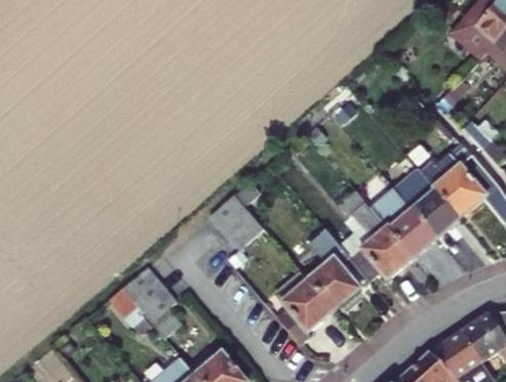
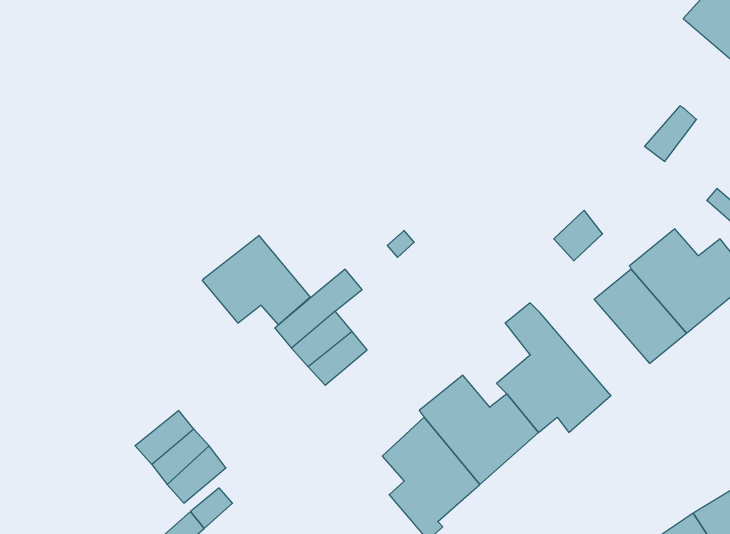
building: none -> [202,235,310,325]
building: [368,188,435,258] -> none

